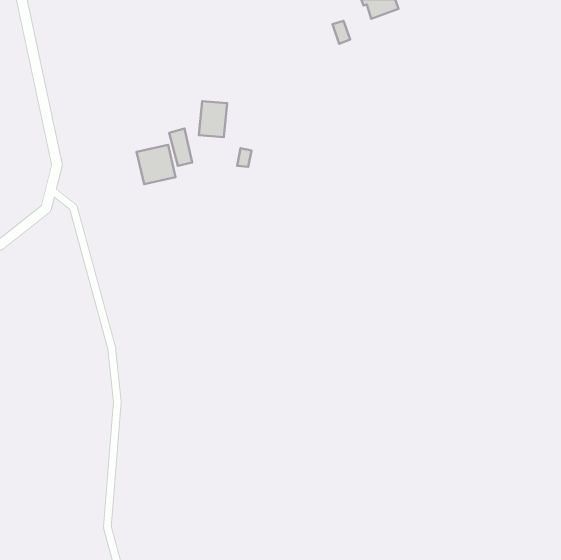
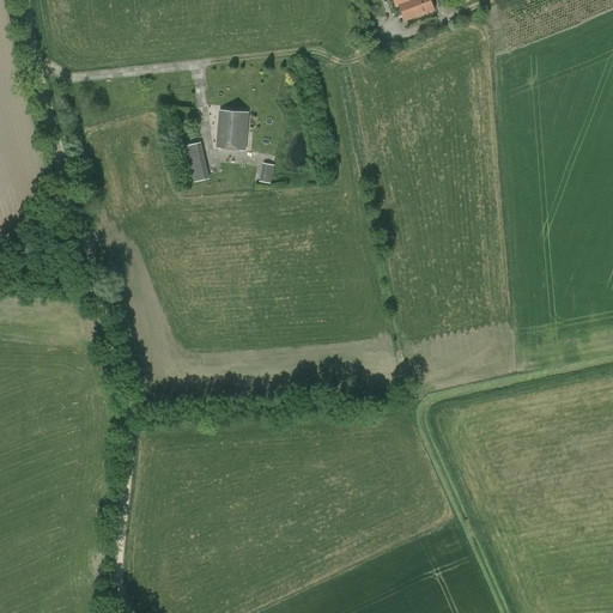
building: [137,145,175,184] -> none

